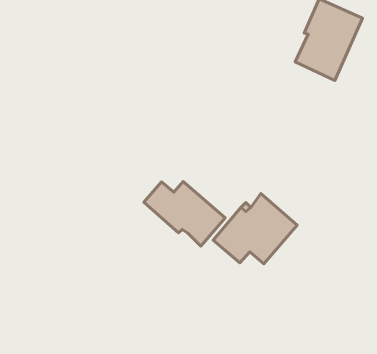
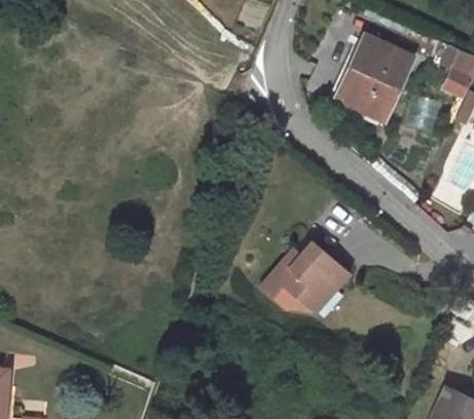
building: [144,182,225,246] -> none

